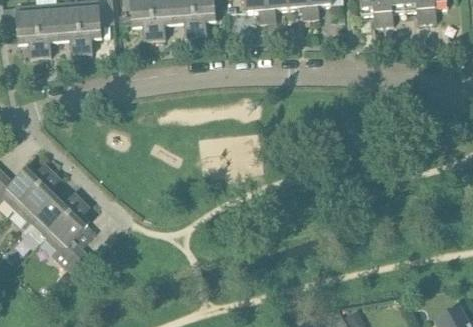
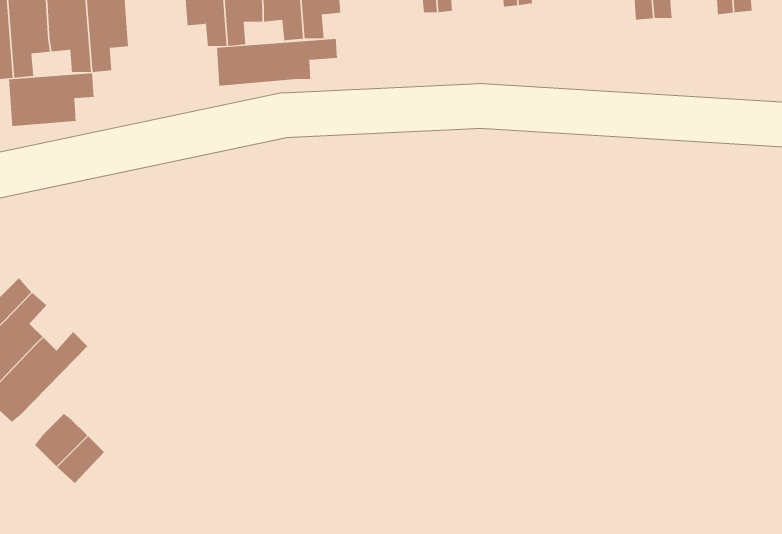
building: none -> [217,38,337,87]
building: none -> [9,72,94,127]
building: [44,201,88,249] -> none

